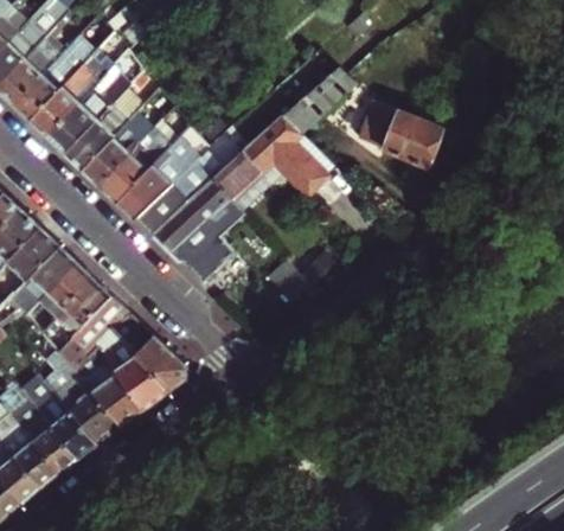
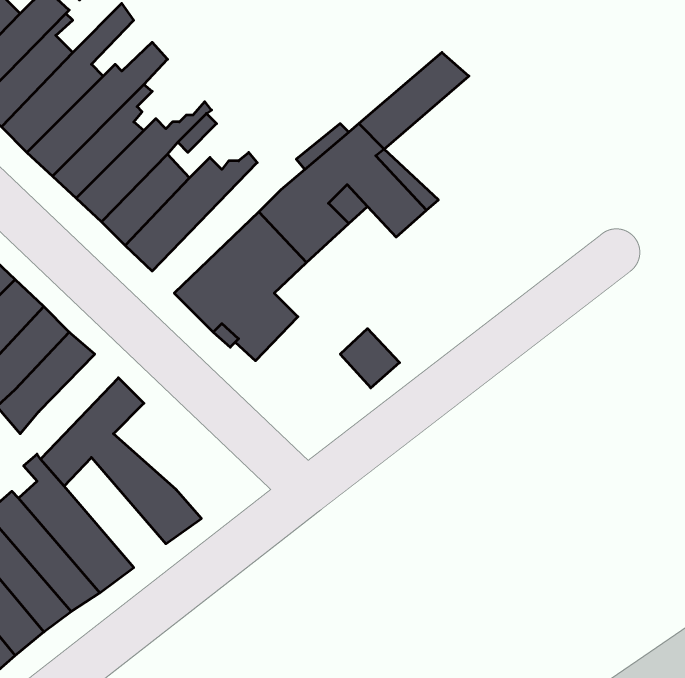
building: [361,102,443,167] -> none
building: [134,143,224,235] -> none
building: [41,277,110,351] -> none
building: [107,312,186,392] -> none
building: [72,350,143,427] -> none

